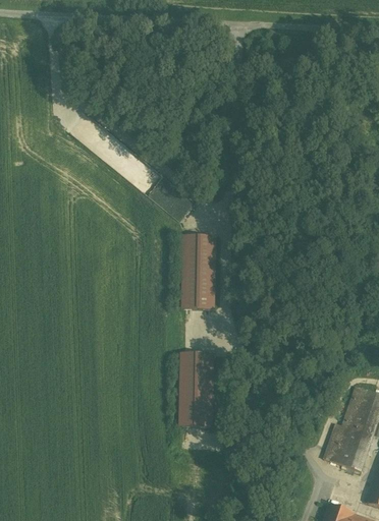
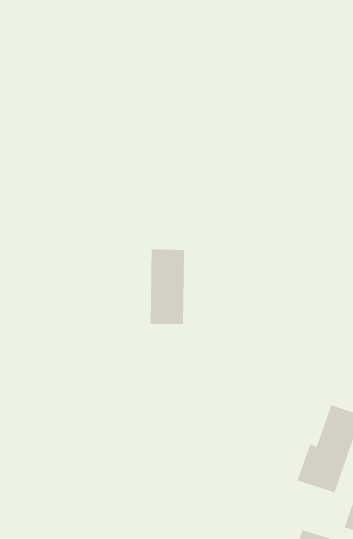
building: [180,355,212,427] -> none

